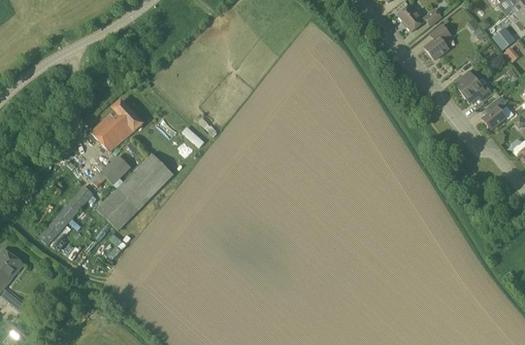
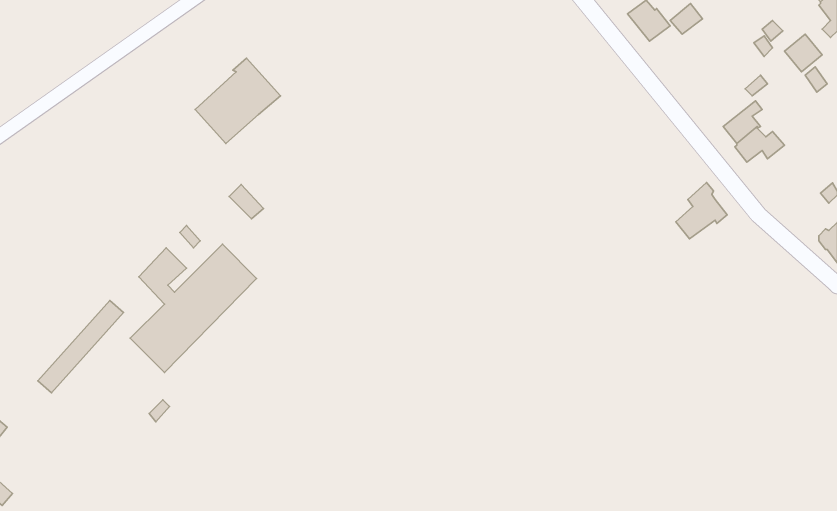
building: [425,24,451,59] -> none
building: [482,95,513,129] -> [676,182,727,239]
building: [91,100,142,151] -> [195,58,281,144]

